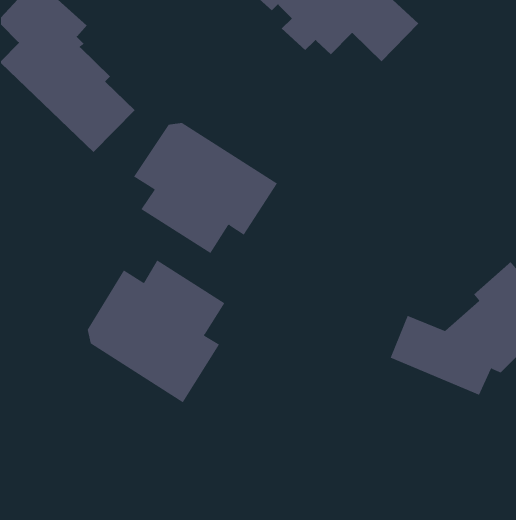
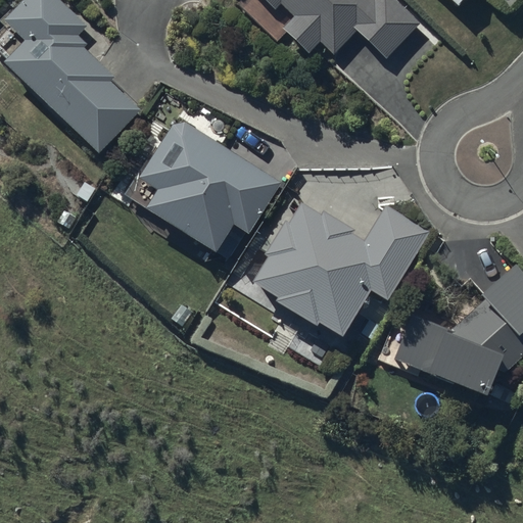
building: none -> [252,201,430,336]
building: [87,259,225,403] -> none

